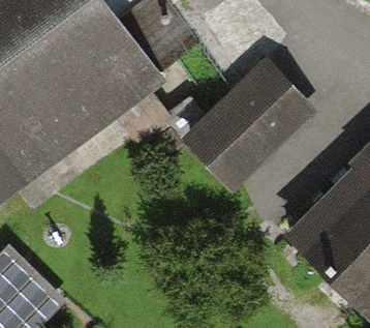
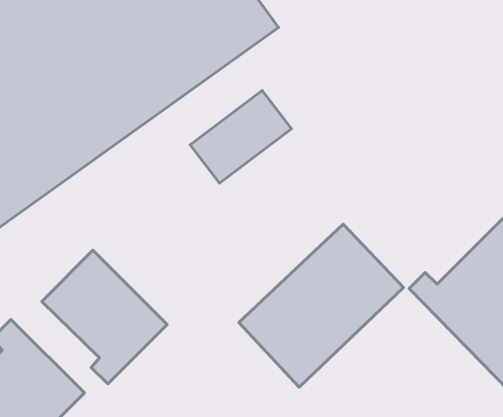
building: [193,66,309,181] -> [239,224,404,387]
building: none -> [42,250,167,384]

